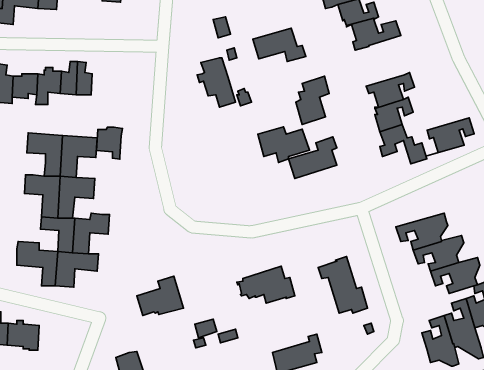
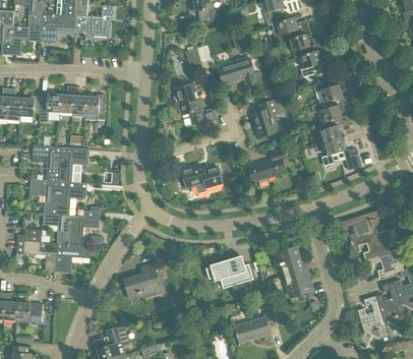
building: [426,118,474,156] -> [311,74,351,106]
building: [258,127,310,163] -> [180,164,223,193]
building: [96,127,122,159] -> [84,94,106,120]

